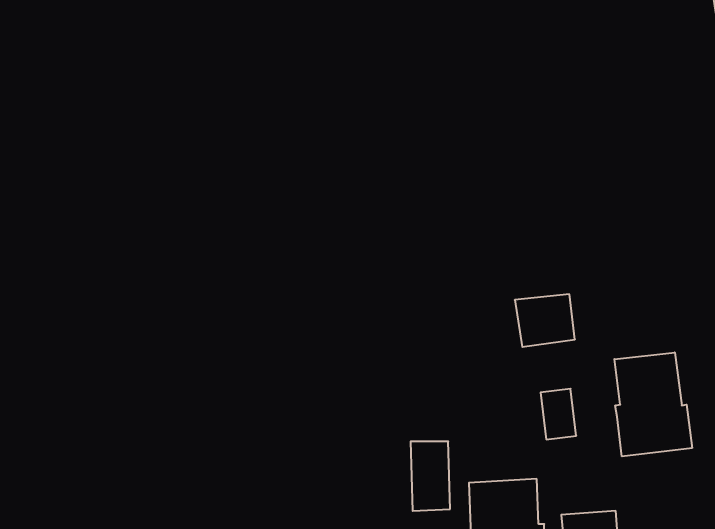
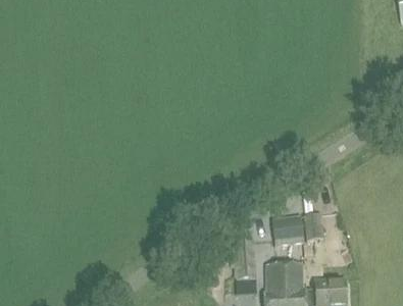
building: [515,294,575,347] -> [271,217,304,246]
building: [614,352,692,456] -> none

